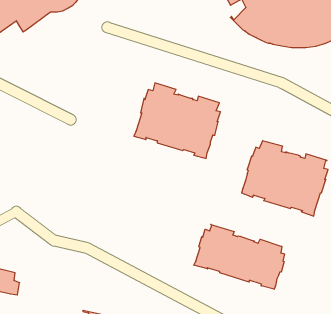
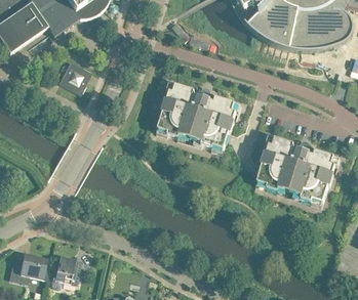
building: none -> [58,59,92,93]
building: [194,224,285,289] -> none
building: none -> [54,254,82,284]

